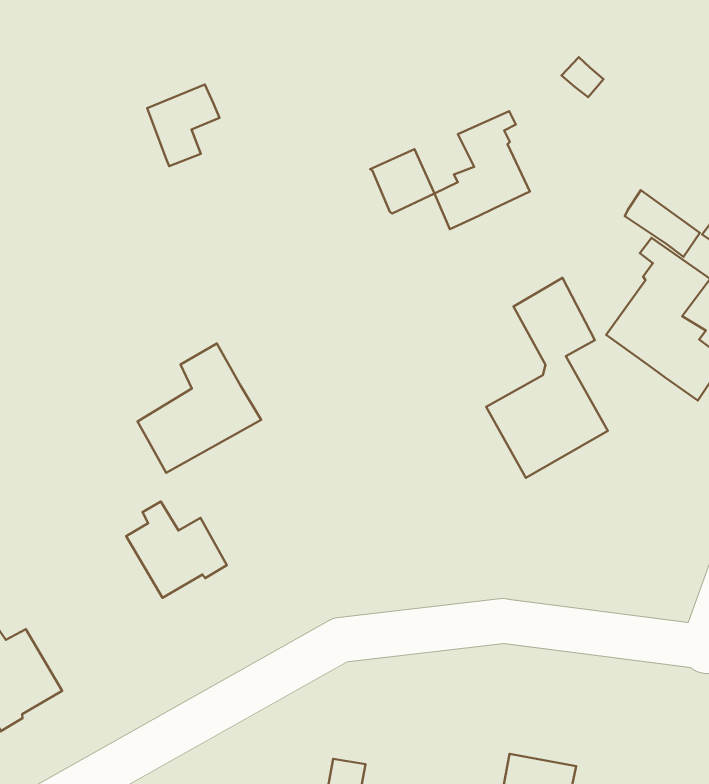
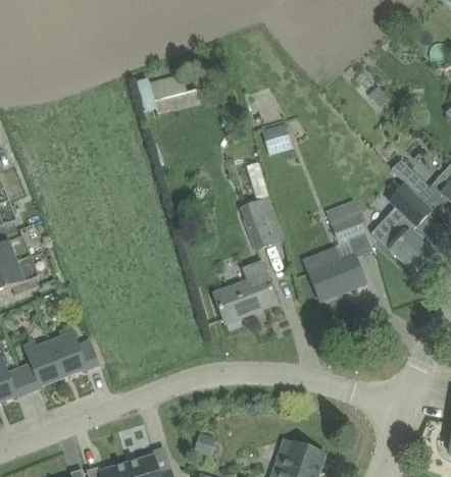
building: [435,111,530,229] -> none
building: none -> [243,208,284,252]
building: [137,344,261,473] -> [213,260,278,323]
building: [126,502,227,598] -> [49,327,99,377]

